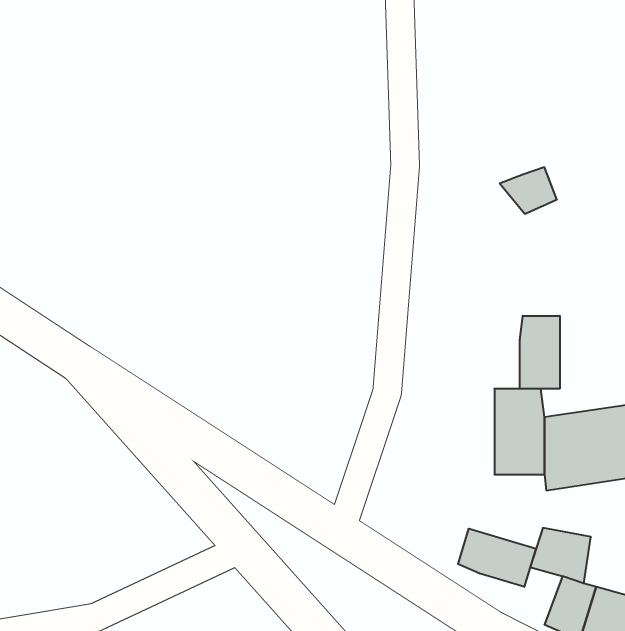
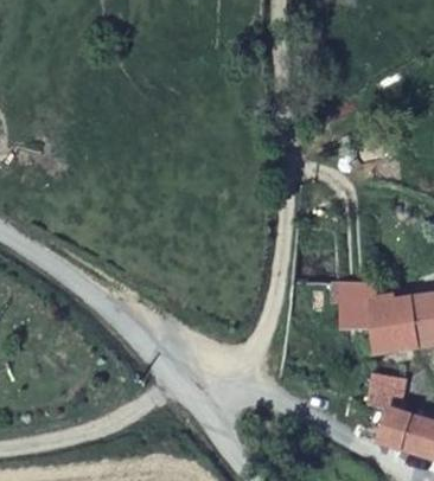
building: [520,316,560,389] -> none
building: [458,529,536,587] -> none

